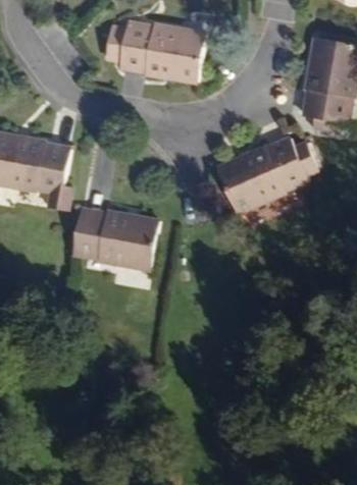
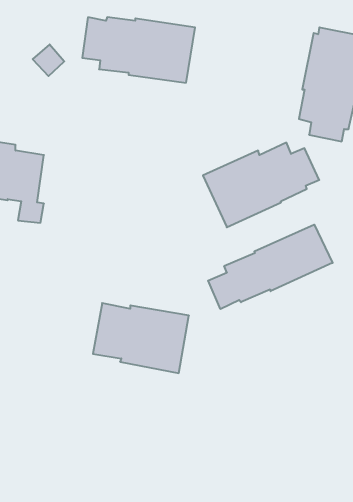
building: [72,208,159,271] -> [93,303,189,373]
building: none -> [208,225,333,309]

